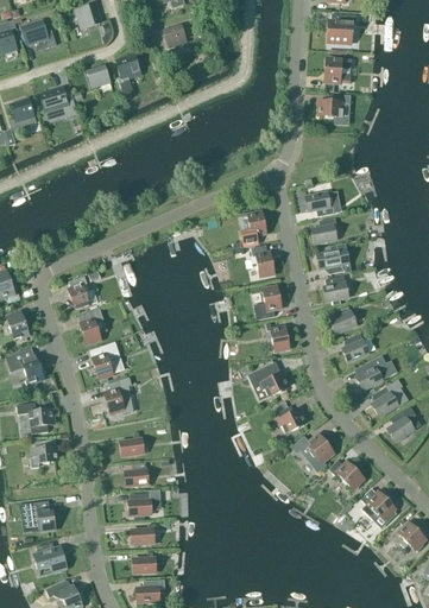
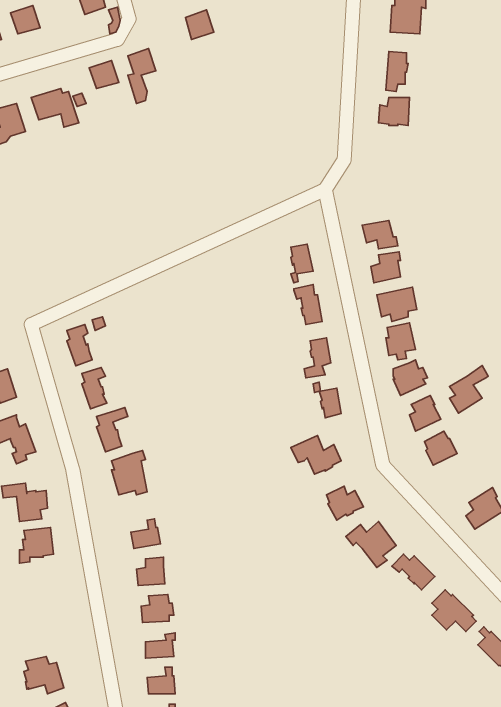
building: [372,379,403,417] -> [449,366,488,413]
building: [26,501,55,532] -> none

